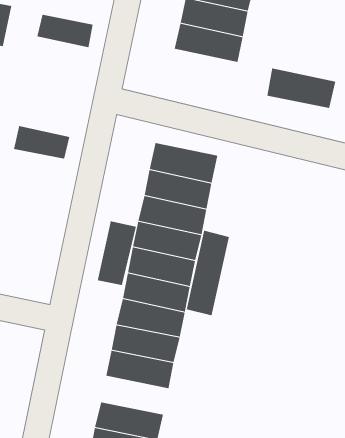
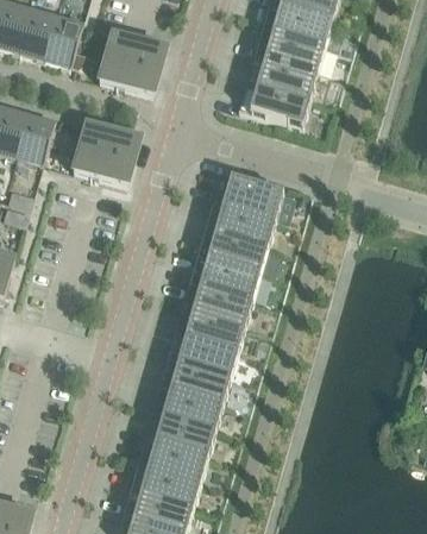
building: none -> [100,56,159,95]
building: [267,68,336,109] -> [239,78,312,125]
building: none -> [81,122,140,162]
building: [97,221,136,286] -> none
building: [186,230,230,316] -> none
building: none -> [145,410,216,454]

